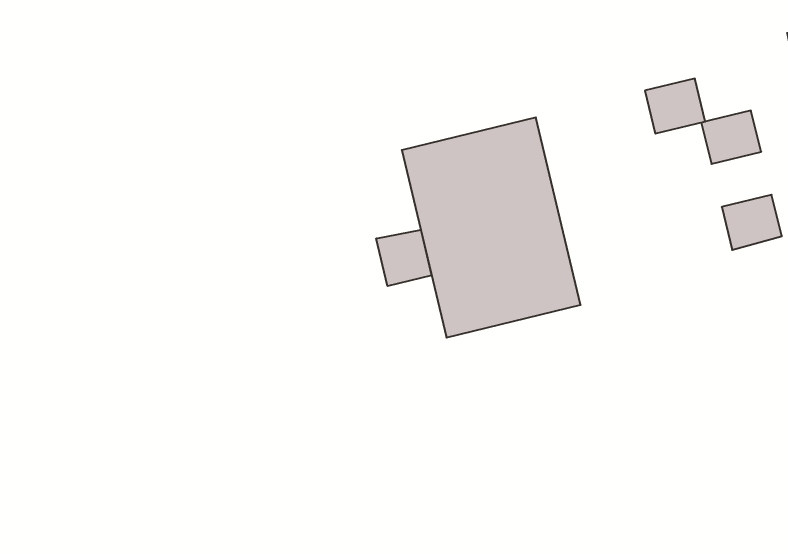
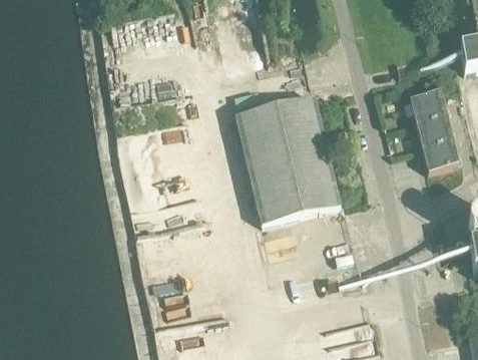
building: [645,79,705,134] -> [416,113,451,145]
building: [376,230,431,286] -> none

